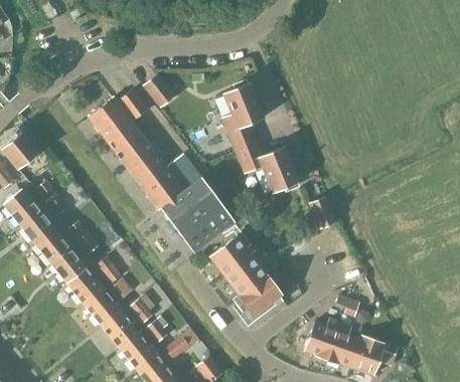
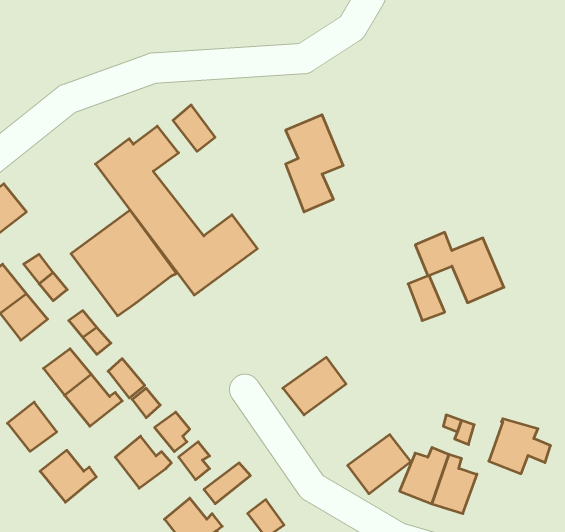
building: [237,143,300,193] -> [415,232,504,303]
building: [161,178,237,253] -> [71,210,176,316]
building: [34,228,69,263] -> [7,402,57,451]
building: [207,235,253,277] -> none
building: [237,274,282,317] -> [348,435,411,494]
building: [84,290,124,327] -> [40,450,96,502]
building: [119,335,160,371] -> none
building: [350,337,395,376] -> [489,419,551,474]

